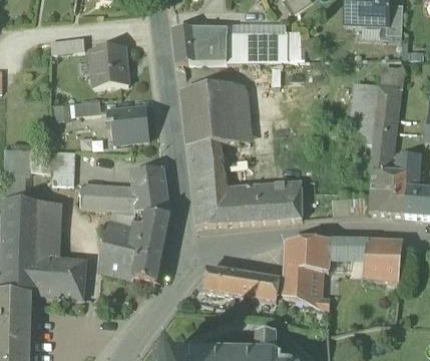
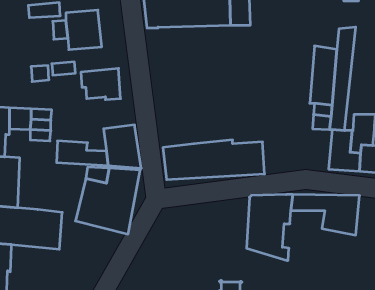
building: [182,81,240,190] -> none
building: [39,201,63,256] -> none
building: [203,267,280,302] -> none

